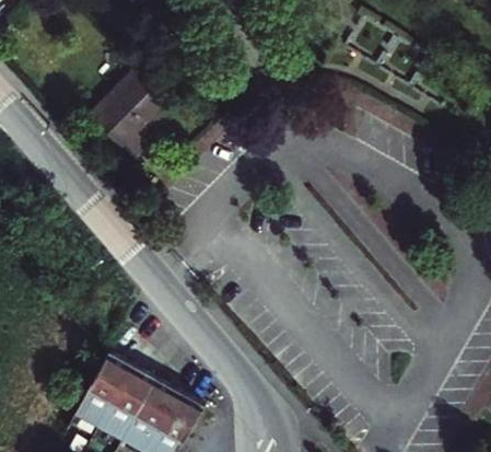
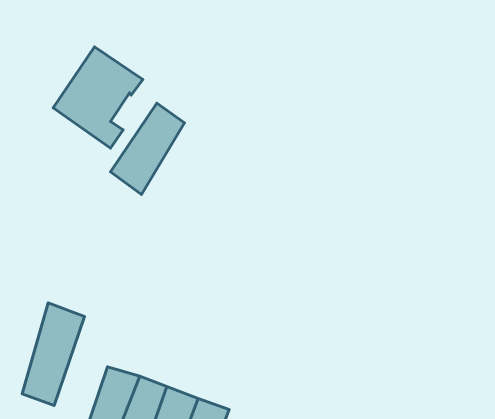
building: none -> [111,103,184,194]
building: none -> [22,303,84,406]

